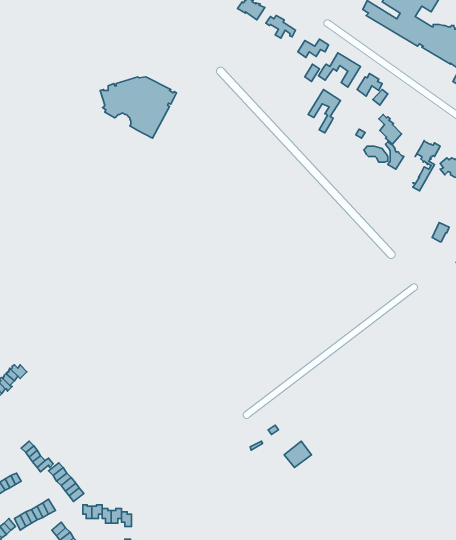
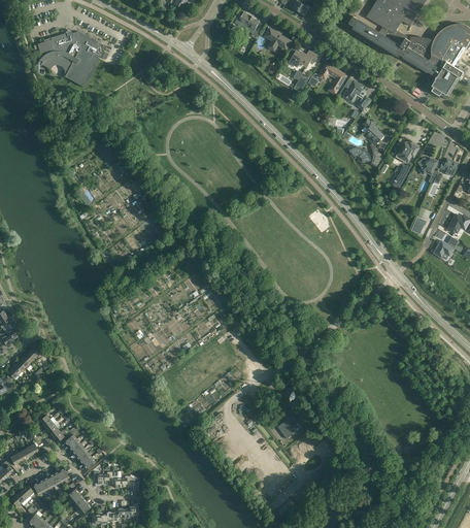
building: [100,77,176,138] -> [37,31,106,87]
building: [308,90,341,133] -> none

